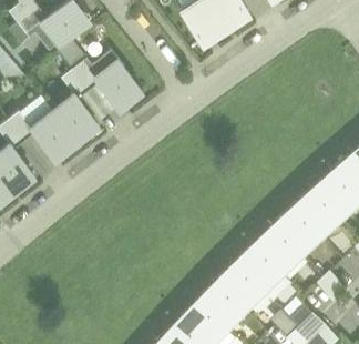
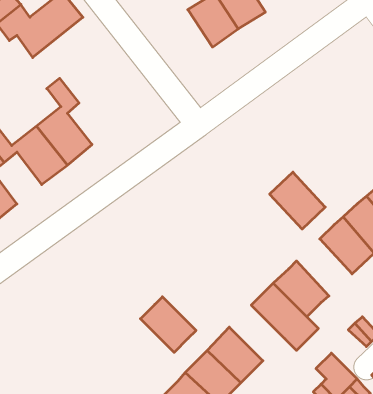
building: [71,60,142,111] -> none
building: [274,208,321,256] -> [270,172,325,229]
building: [216,264,264,312] -> [140,297,196,352]

